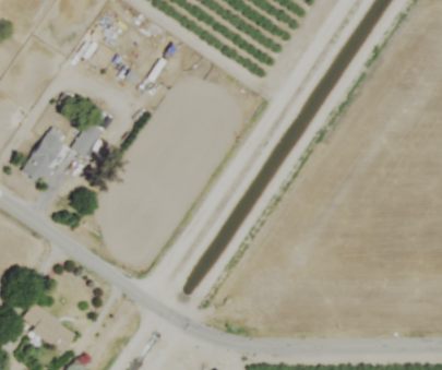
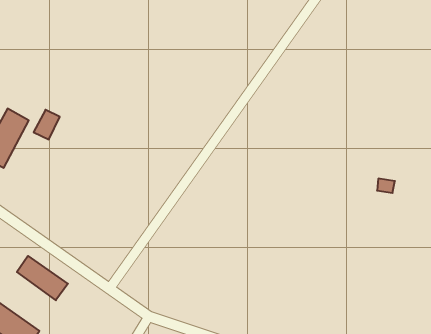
building: none -> [17,256,68,300]

